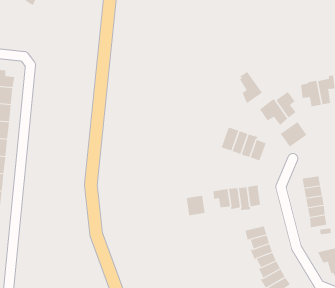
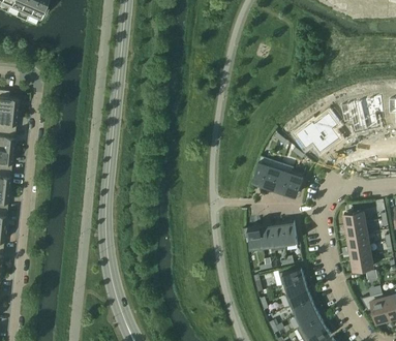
building: [239,71,262,104] -> none
building: [280,121,307,147] -> none
building: [186,195,205,216] -> none

